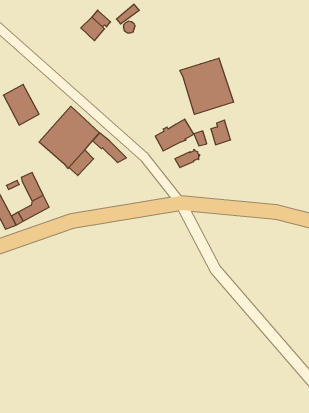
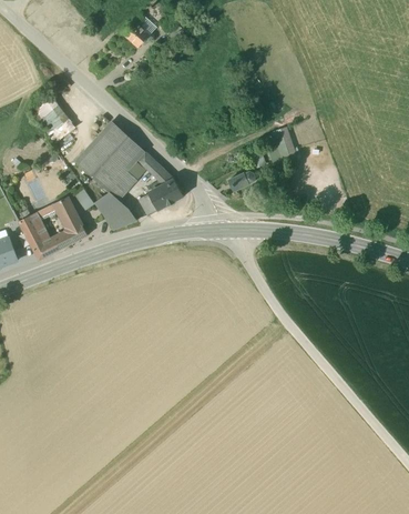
building: [180,58,234,114] -> none
building: [155,119,194,151] -> [141,179,184,214]
building: none -> [94,190,137,229]

